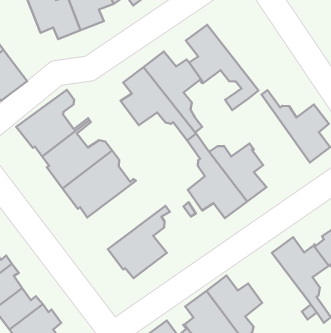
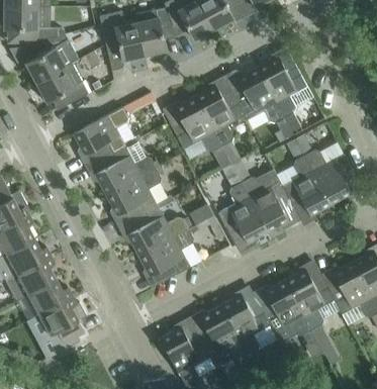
building: none -> [258,57,307,133]
building: none -> [277,137,332,216]
building: none -> [124,198,213,256]
building: none -> [260,281,312,342]

